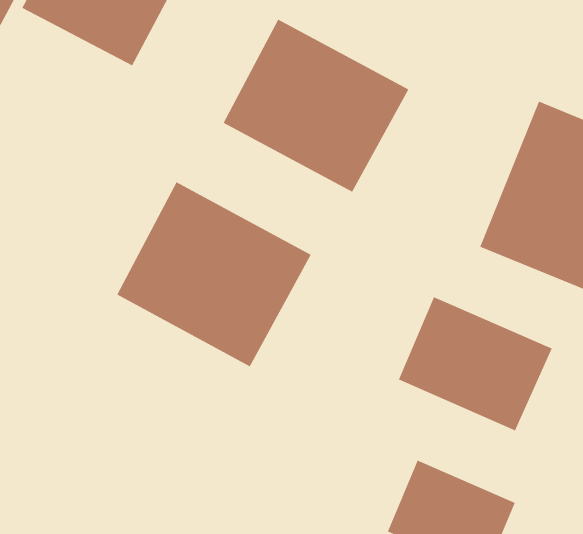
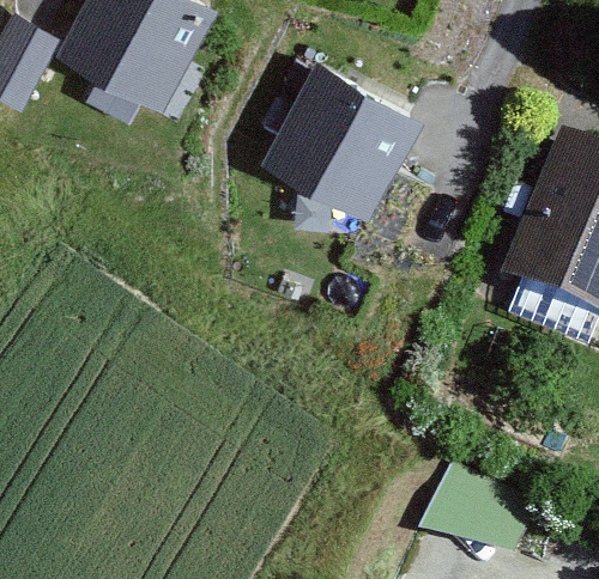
building: [116,181,312,368] -> none
building: [398,296,553,431] -> none

